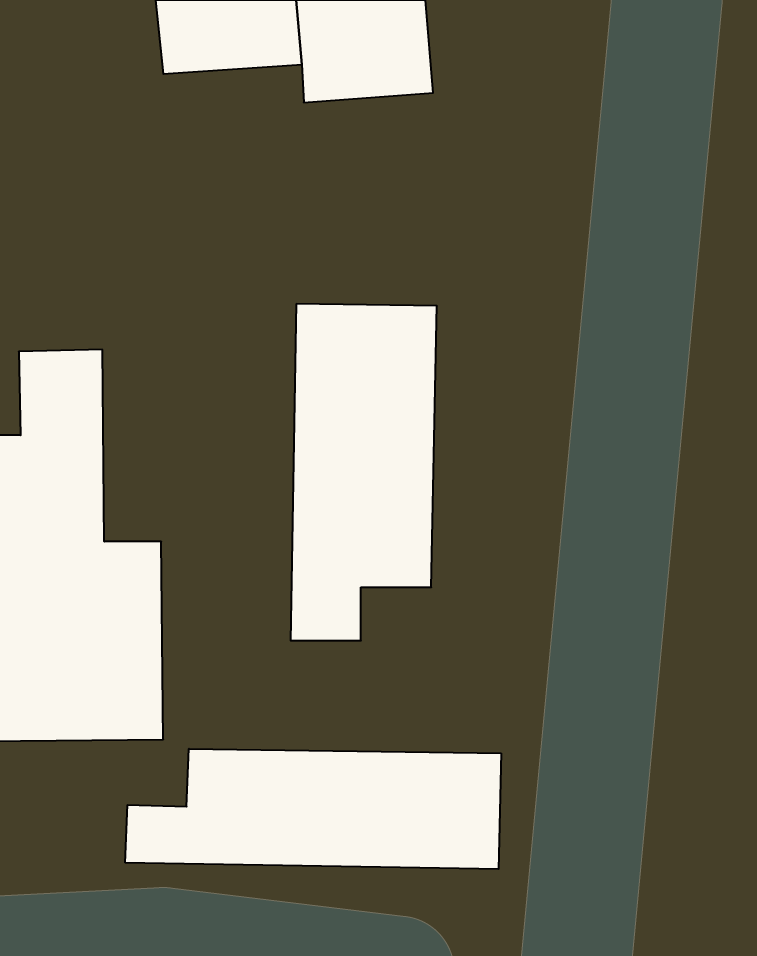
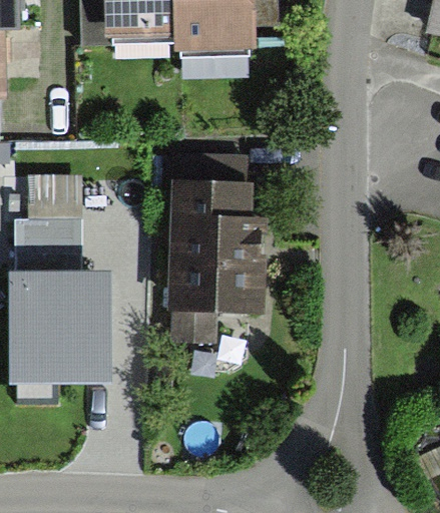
building: [125,749,501,869] -> none

